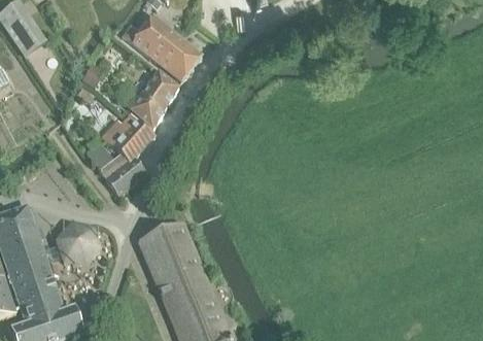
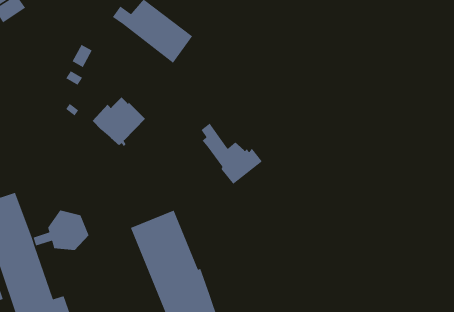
building: [128,73,179,131] -> none
building: [87,137,147,198] -> [200,123,263,185]

